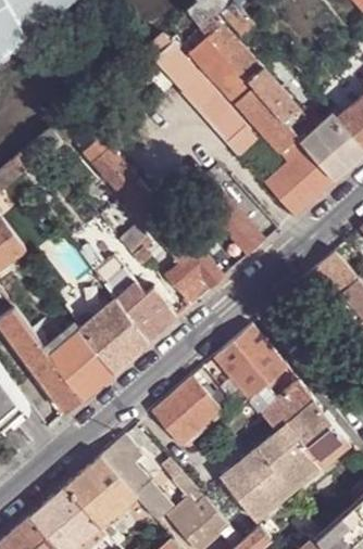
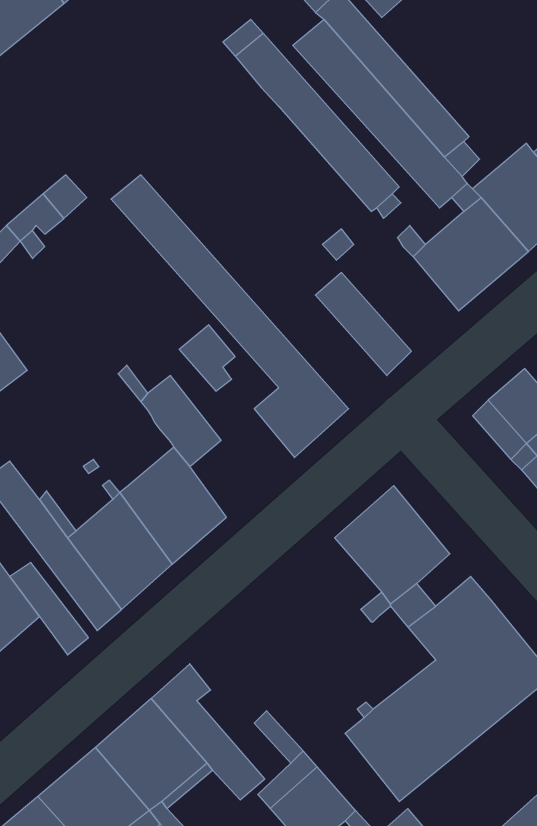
building: [124,288,176,344] -> none
building: [151,375,220,444] -> none

